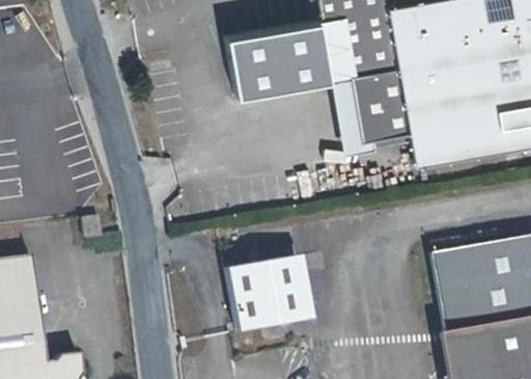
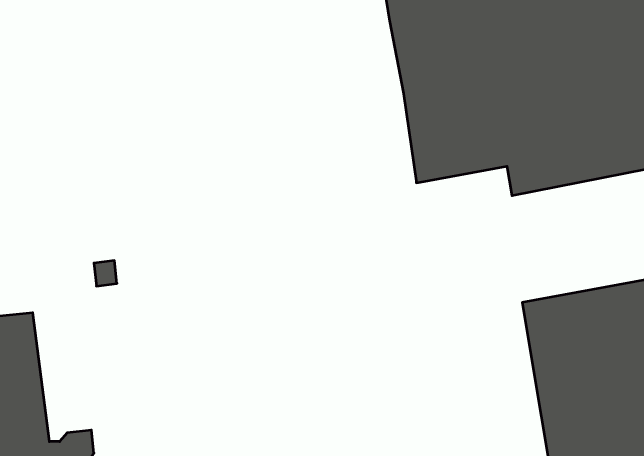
building: [227,21,334,98] -> none
building: [223,260,308,333] -> none

